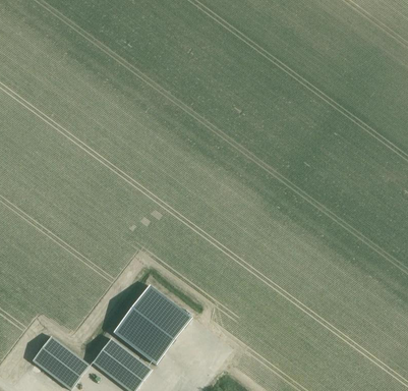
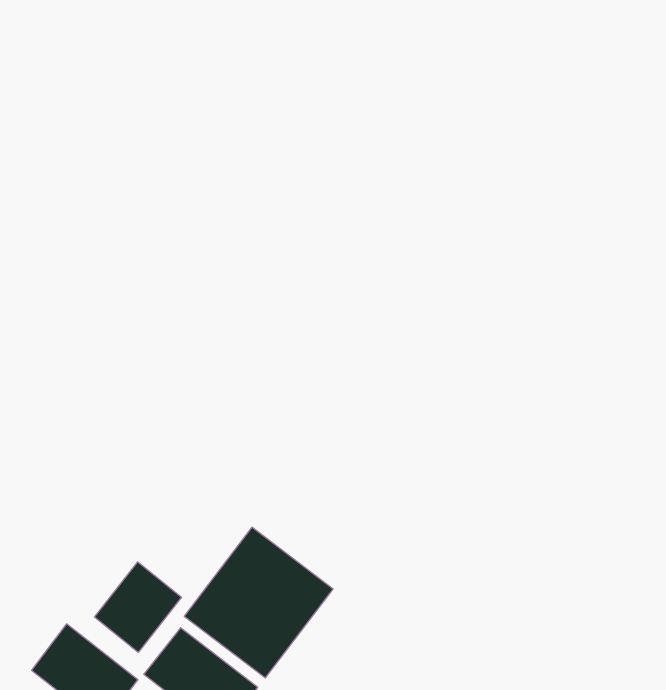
building: none -> [94,562,181,652]

